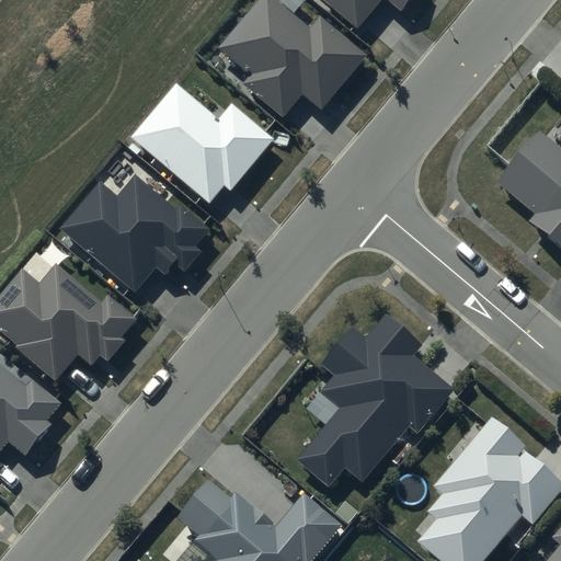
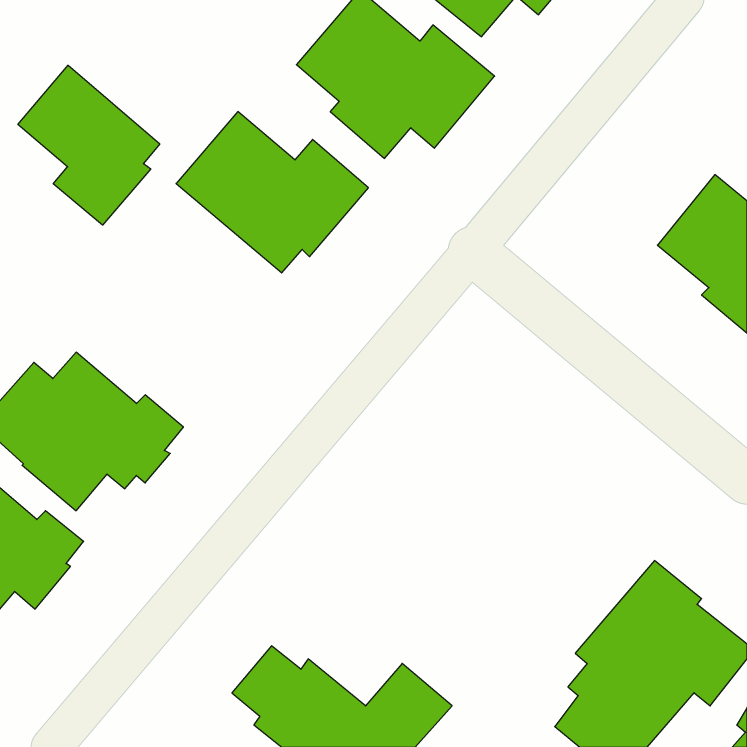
building: none -> [18,65,160,225]
building: [62,176,211,293] -> none
building: [294,316,450,489] -> none

